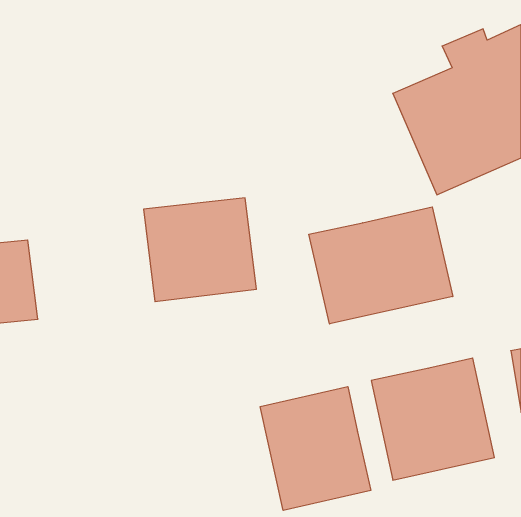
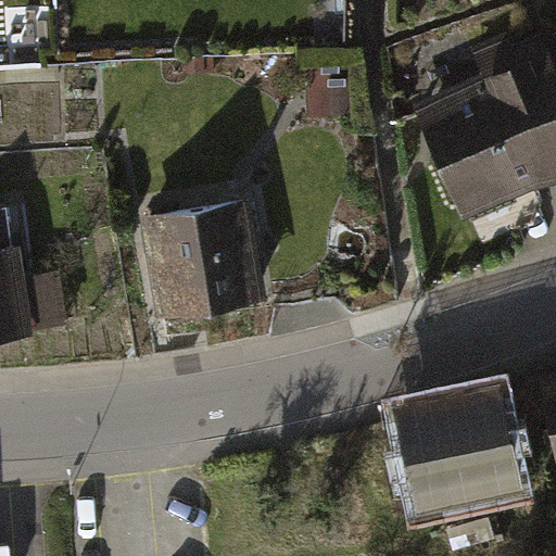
building: [309,207,453,324] -> none
building: [260,387,371,510] -> none

